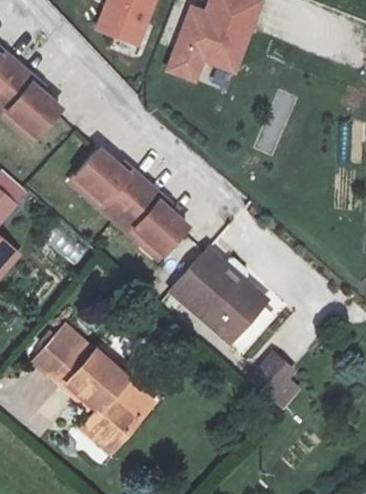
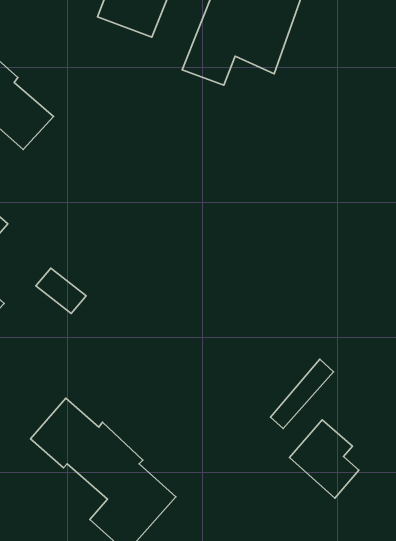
building: [77,148,188,252] -> none
building: [174,248,262,340] -> none

